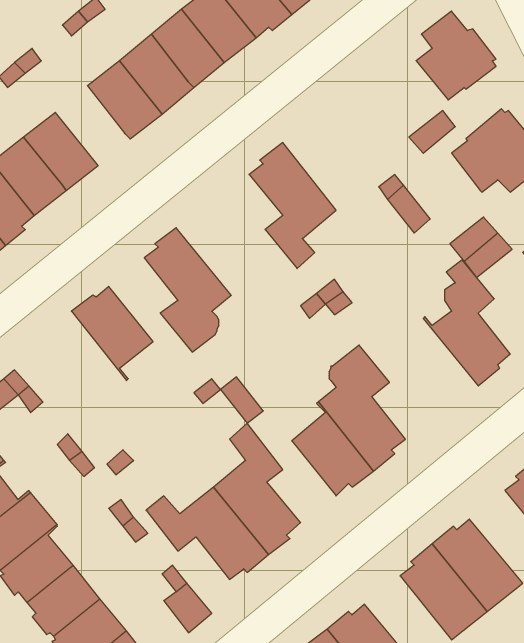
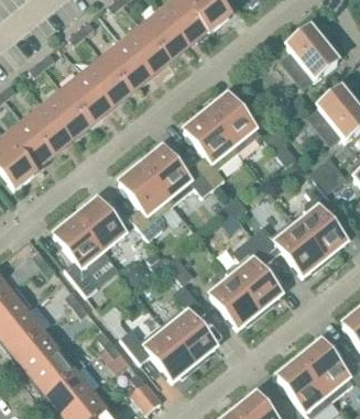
building: none -> [65,73,111,122]
building: none -> [206,92,261,150]
building: none -> [140,144,215,202]
building: none -> [55,212,109,294]
building: none -> [253,217,327,274]

